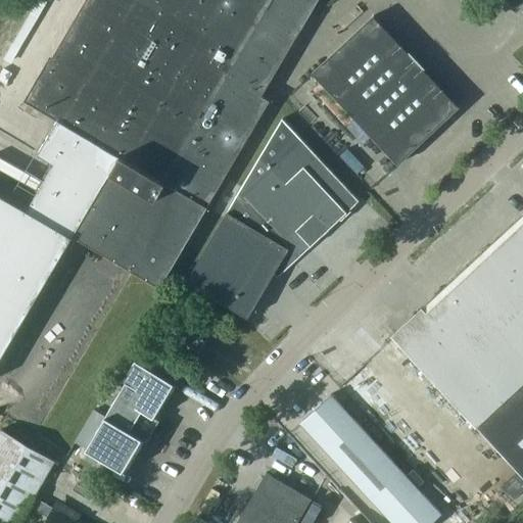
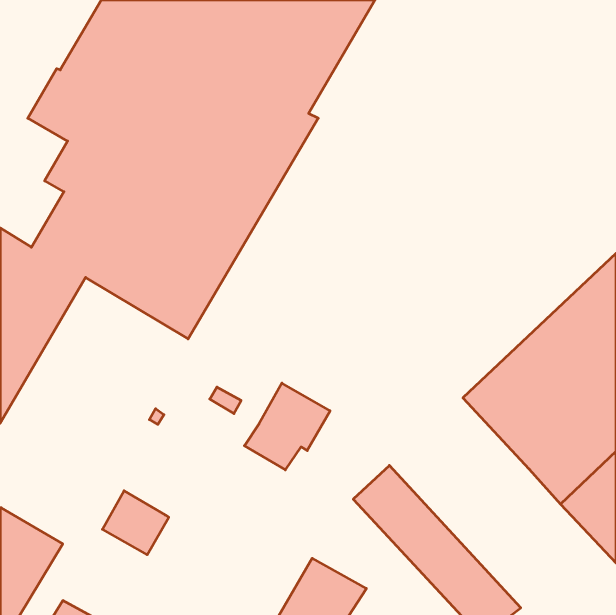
building: [313,17,458,164] -> none
building: [186,118,359,317] -> none
building: [105,364,178,437] -> [244,383,330,470]

